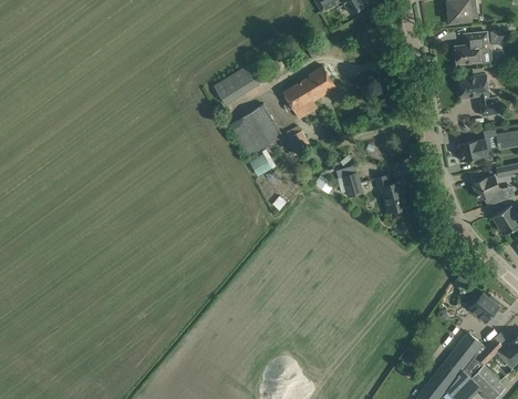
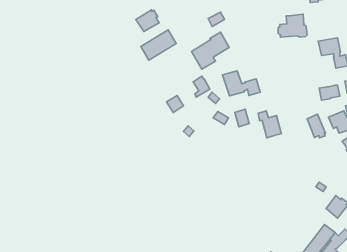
building: [453,31,493,63] -> [278,14,307,37]
building: none -> [136,10,159,31]
building: [229,104,283,155] -> none
building: none -> [223,71,260,96]
building: none -> [307,114,325,138]

